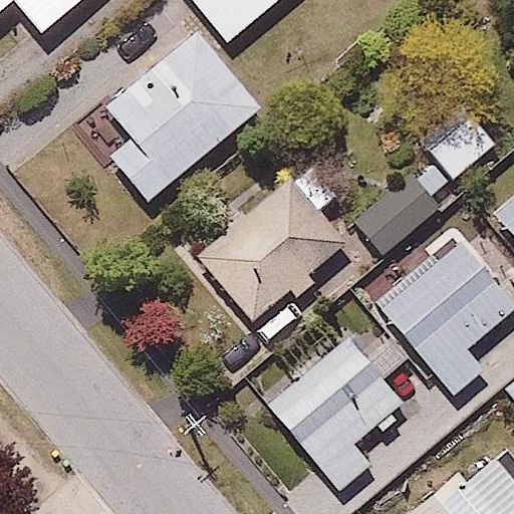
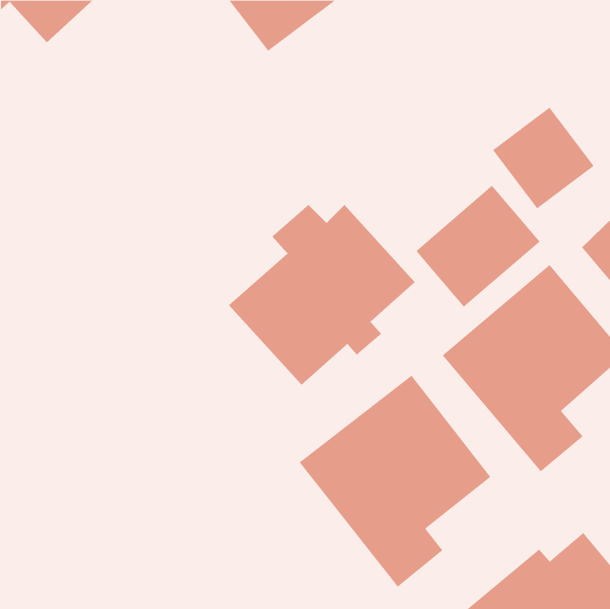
building: [102,25,267,205] -> none

